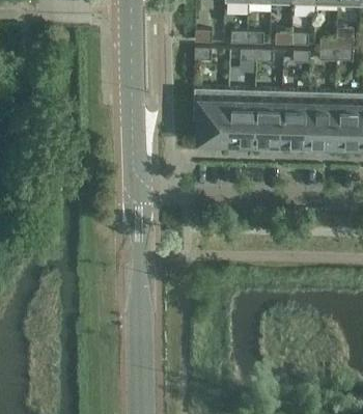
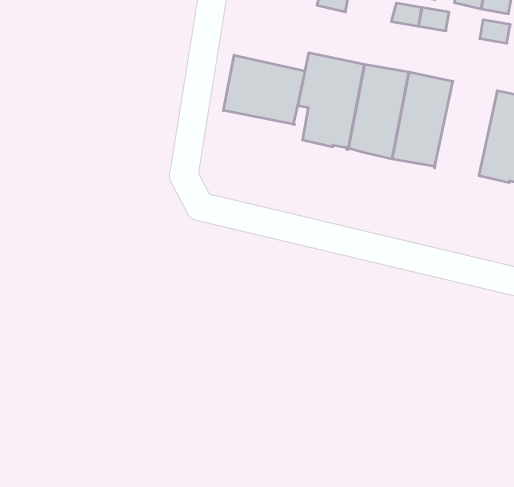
building: [280,91,309,144] -> none
building: none -> [223,55,305,124]

